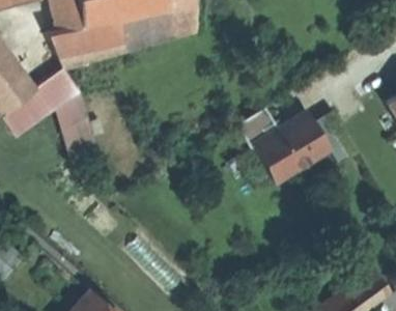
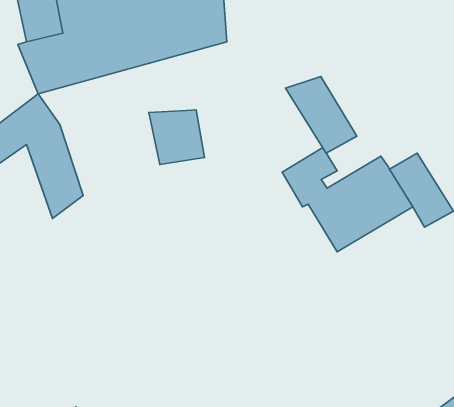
building: none -> [285,77,357,153]
building: none -> [149,110,205,165]

